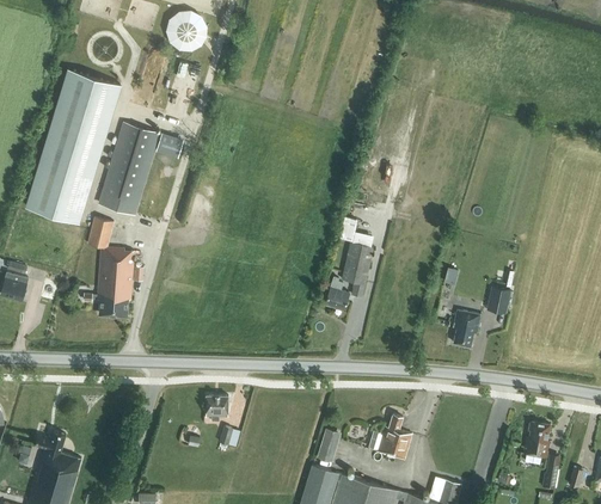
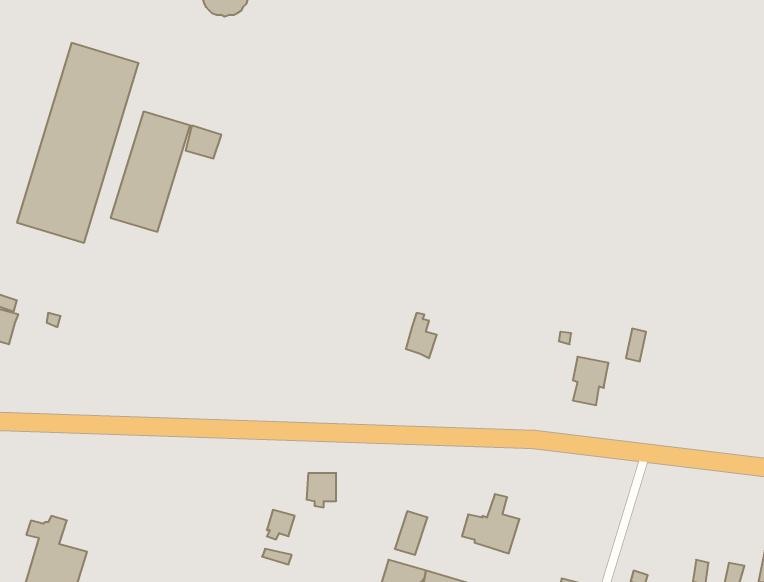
building: [87,217,133,318] -> none
building: [341,242,372,297] -> none
building: [204,397,227,423] -> [307,473,336,507]
building: [522,423,548,459] -> none

